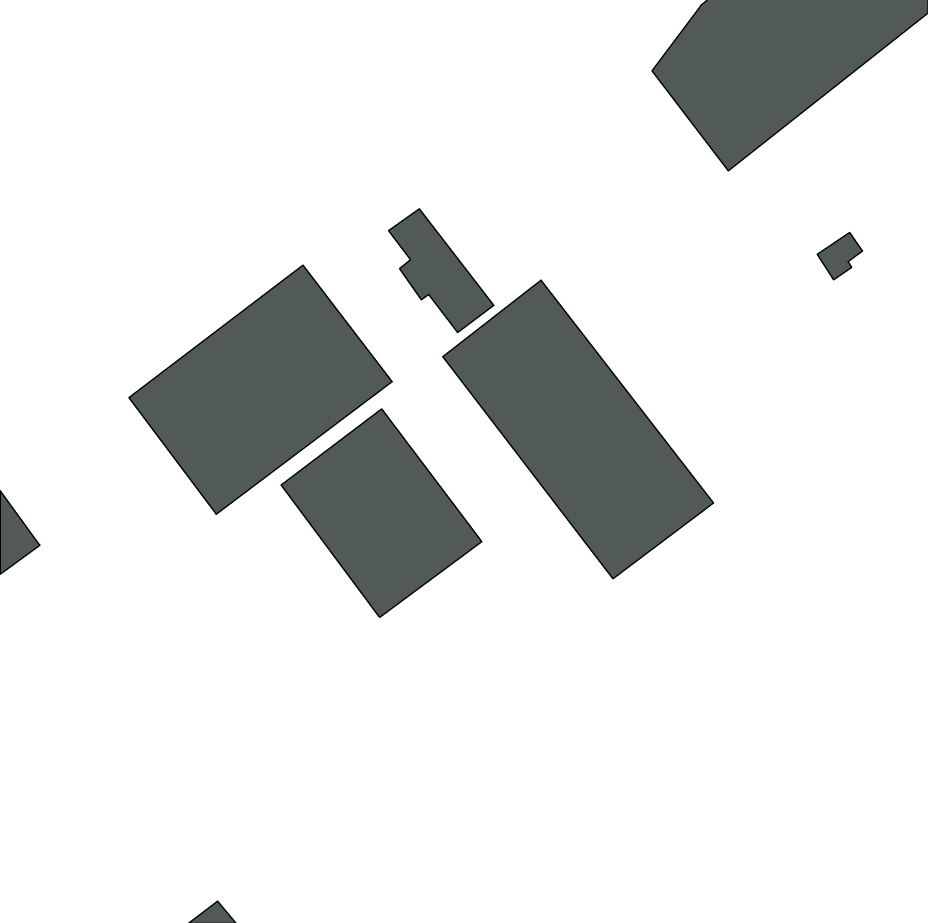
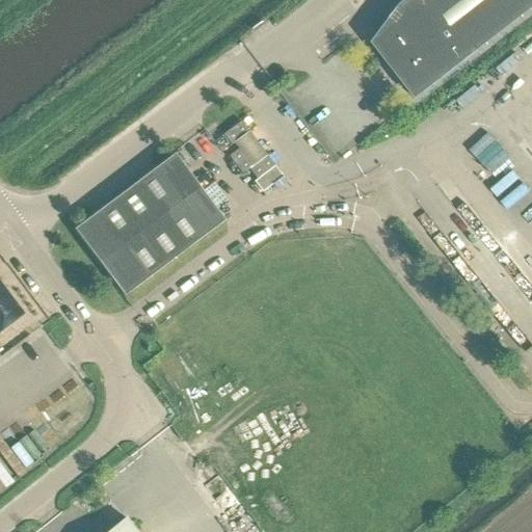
building: [443,280,713,579] -> none
building: [281,409,482,617] -> none

